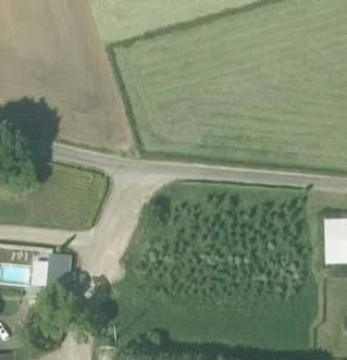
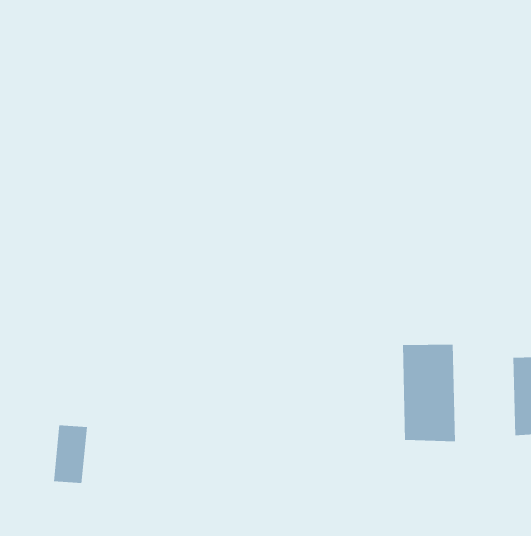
building: none -> [402,344,456,442]

